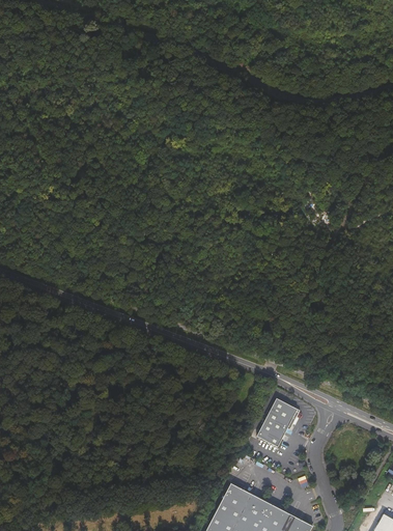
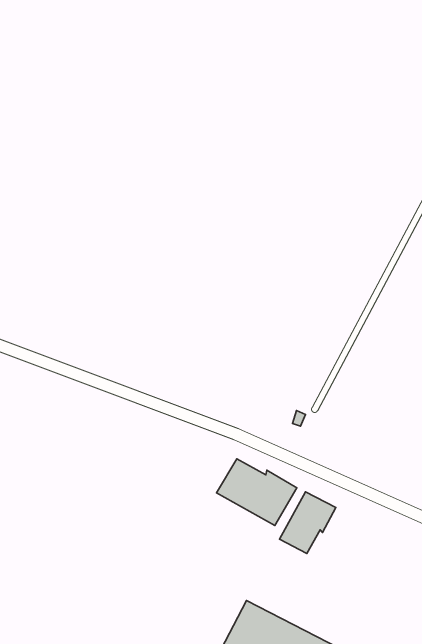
building: none -> [217,459,297,525]

